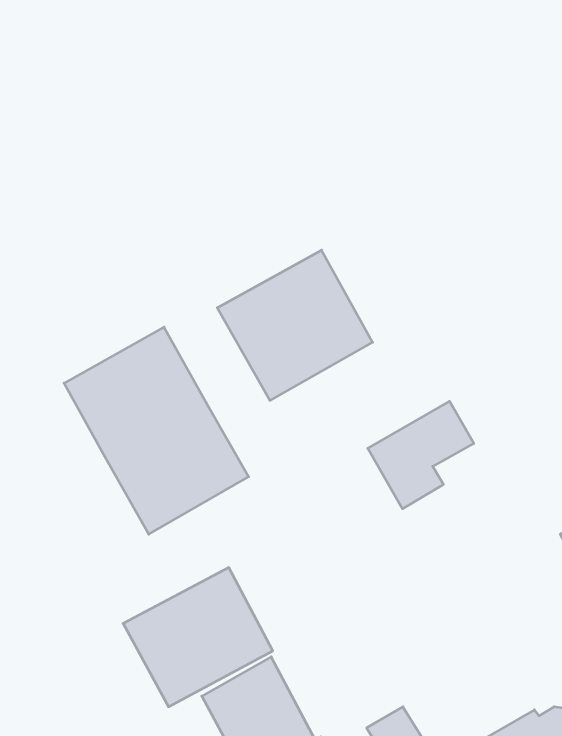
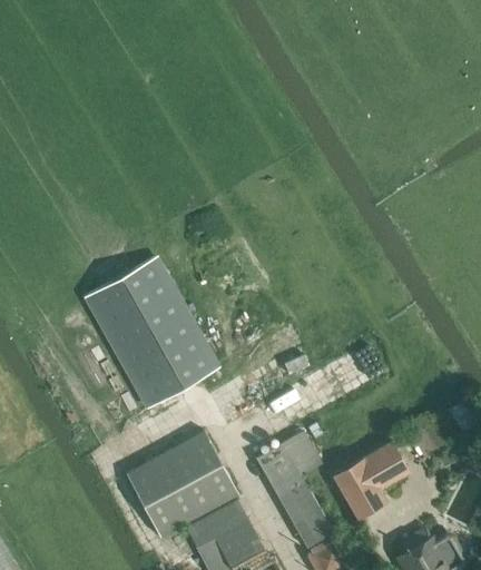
building: [217,250,373,400] -> none
building: [368,401,474,509] -> [333,441,411,520]
building: none -> [256,432,333,549]

